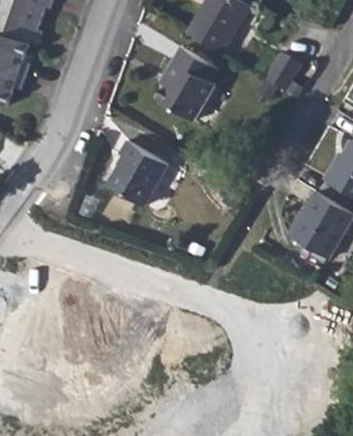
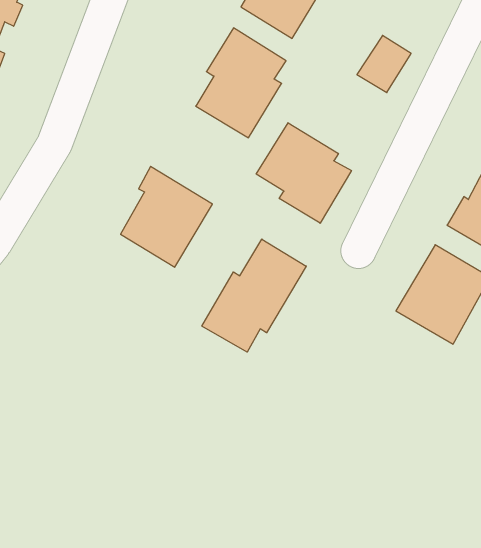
building: none -> [256,123,351,223]
building: none -> [202,239,306,352]

